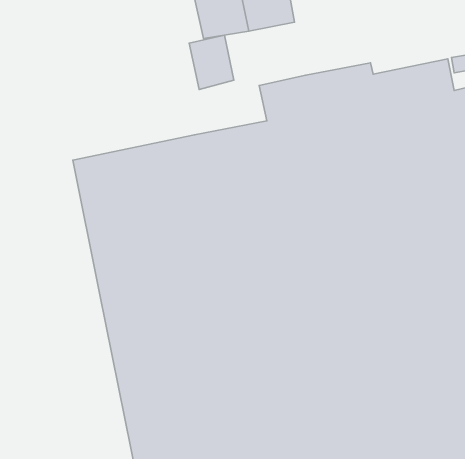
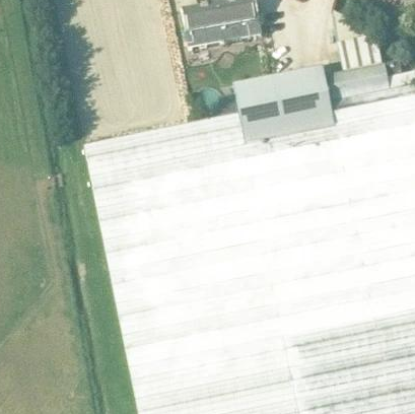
building: [189,35,234,89] -> none

